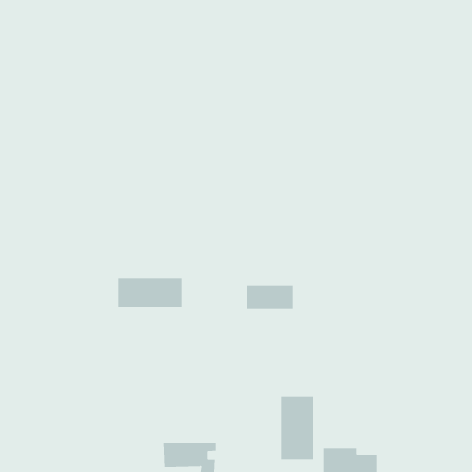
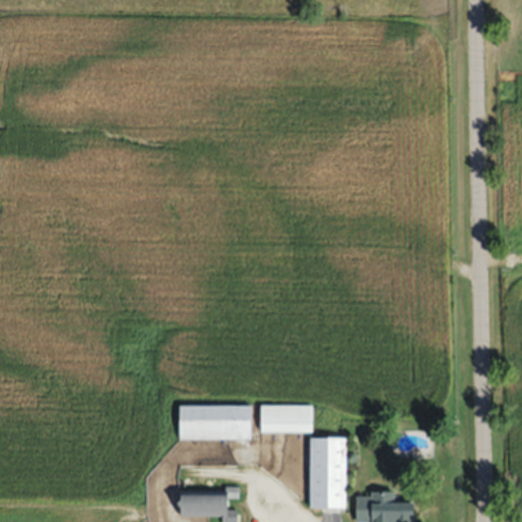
building: [118,278,182,307] -> [179,406,251,438]
building: [246,285,293,309] -> [260,406,312,432]

